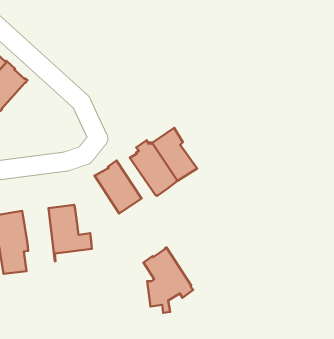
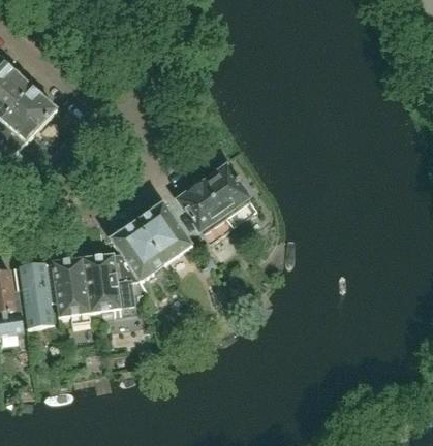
building: none -> [51,256,89,321]
building: [144,247,193,313] -> [109,218,166,294]

